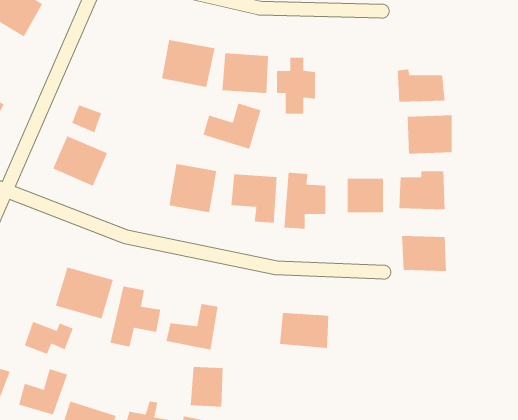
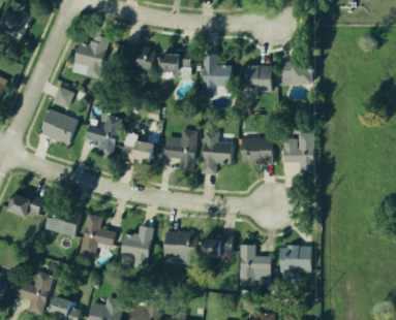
building: none -> [65,36,103,76]
building: [203,103,262,150] -> [84,115,125,148]
building: [407,115,452,154] -> [237,65,269,93]
building: [401,235,447,272] -> [280,244,312,269]
building: [24,321,74,355] -> [8,194,43,218]
building: none -> [239,246,271,281]
building: [190,366,224,407] -> [163,230,187,259]

